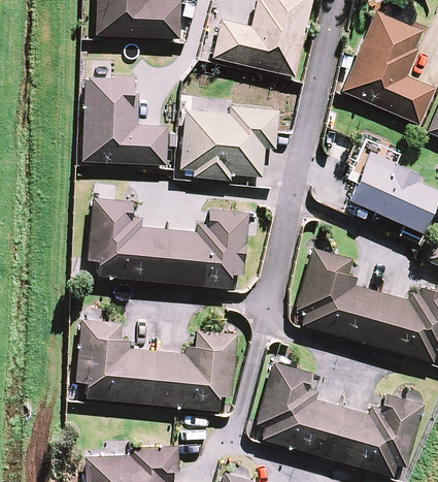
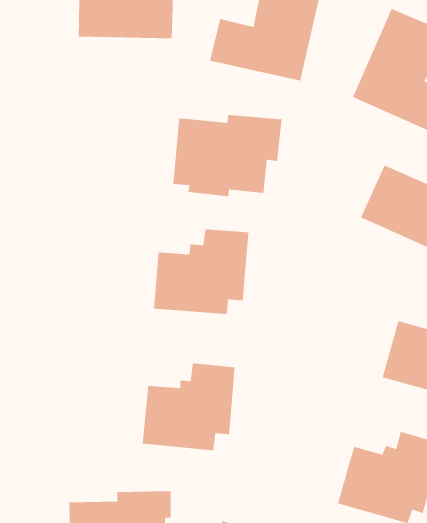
building: [82,76,169,165] -> none
building: [89,199,167,282] -> none
building: [297,249,383,344] -> none
building: [77,319,158,404] -> none
building: [257,361,343,457] -> none

